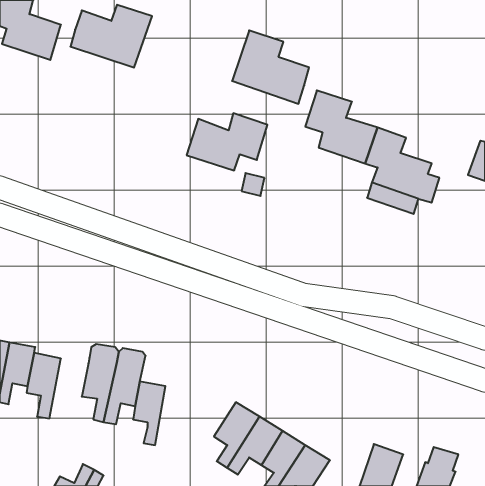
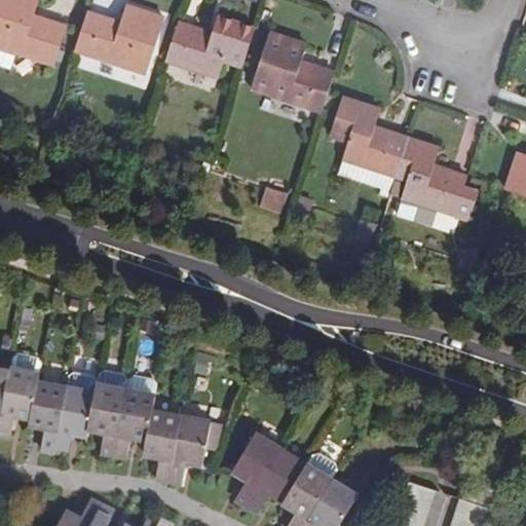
building: [187,113,267,170] -> [166,15,254,77]
building: none -> [54,387,96,449]
building: none -> [167,417,221,484]

